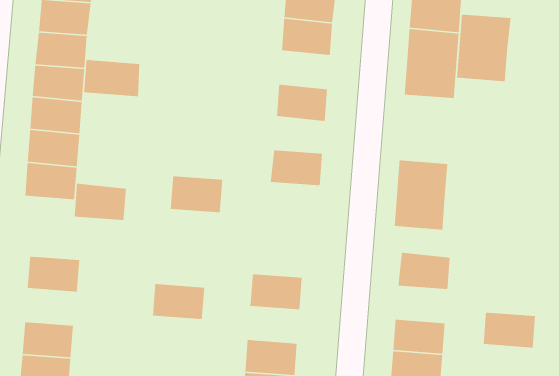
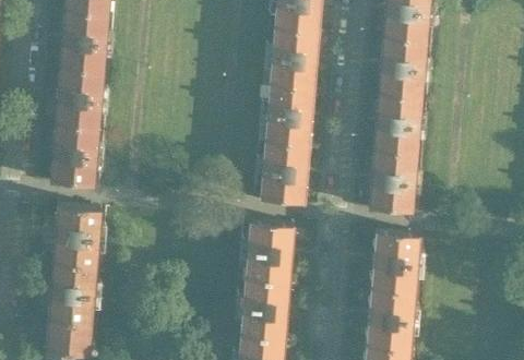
building: [456,14,512,82] -> [374,98,422,157]
building: none -> [271,60,315,93]
building: [83,59,140,97] -> none
building: none -> [266,117,311,148]
building: [170,175,223,213] -> [261,173,307,206]
building: [74,183,127,221] -> [56,207,102,240]
building: none -> [248,224,294,255]
building: [152,283,205,320] -> [243,280,289,312]
building: none -> [51,265,97,297]
building: [483,312,536,348] -> [371,263,417,295]

